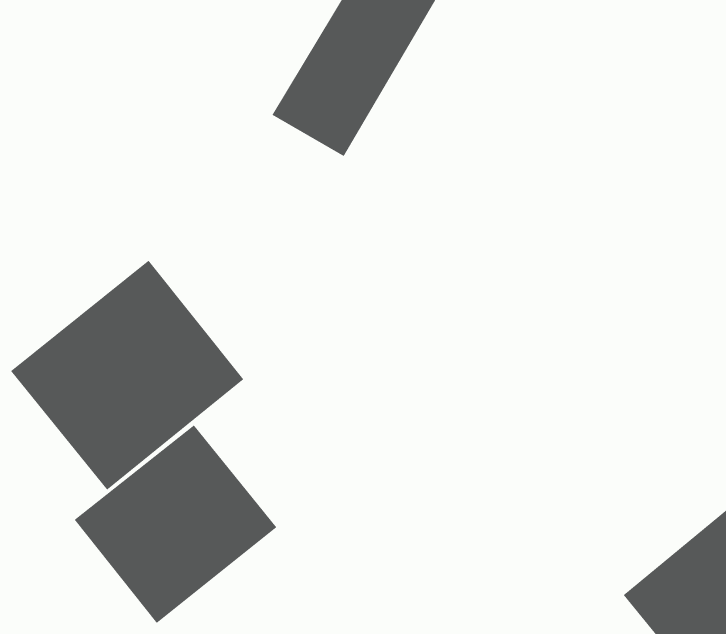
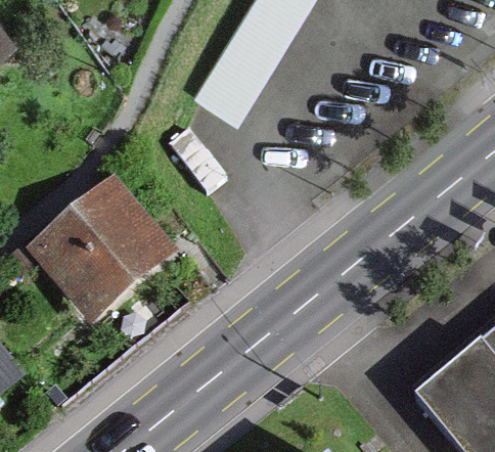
building: [74,424,277,624] -> none

